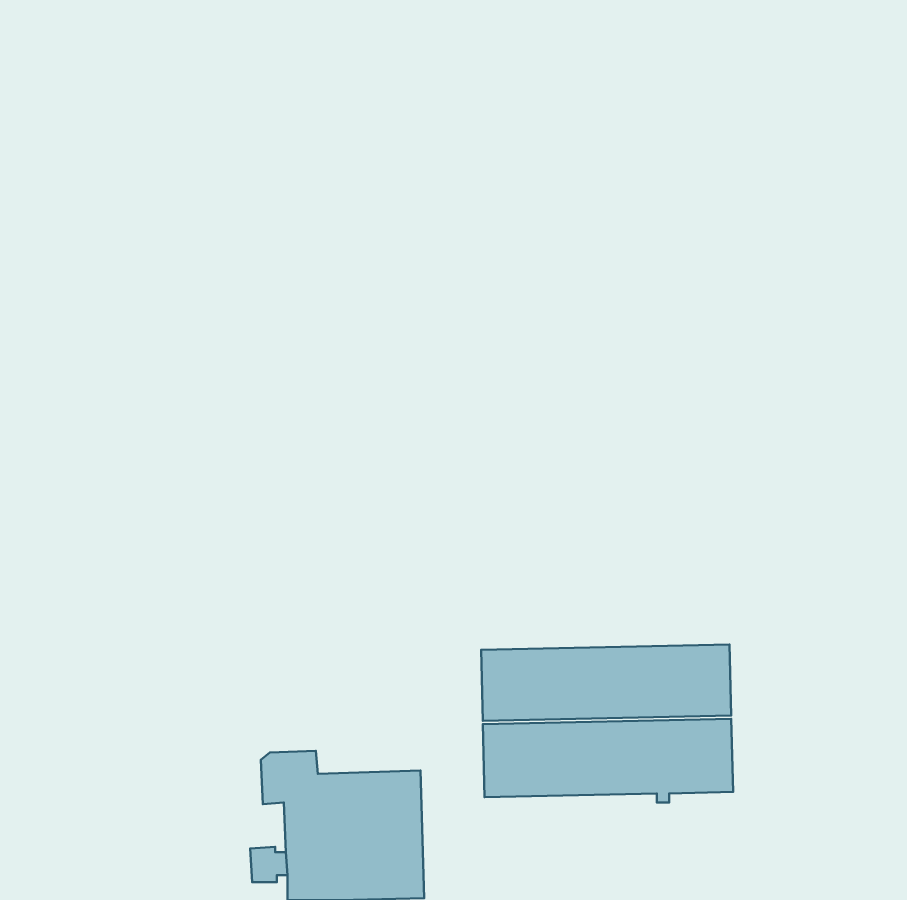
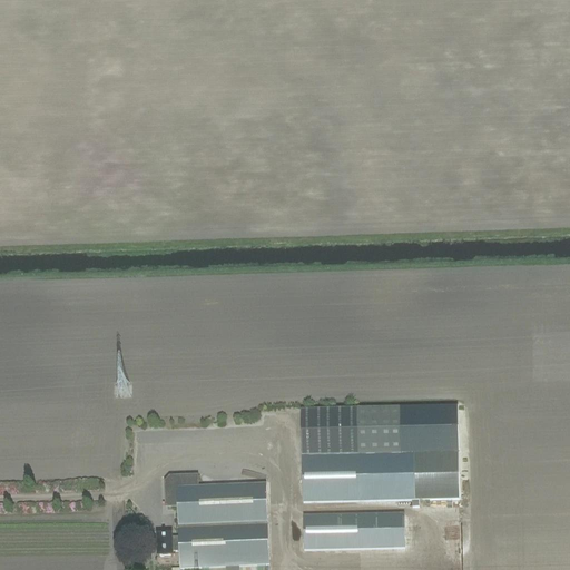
building: none -> [304,511,406,548]

